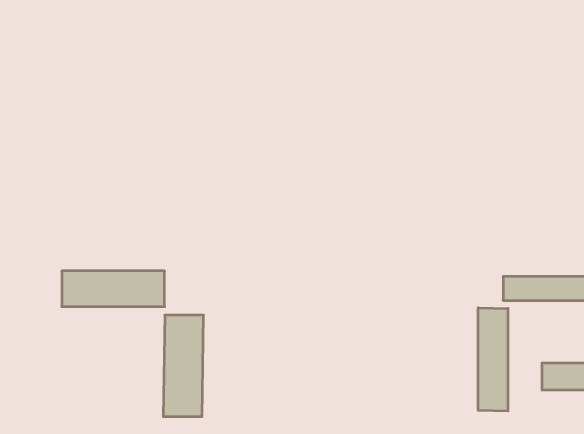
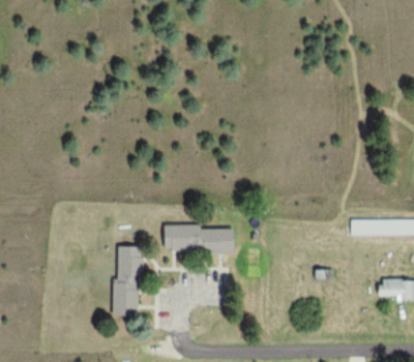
building: [62,271,165,307] -> [164,228,235,252]
building: [478,308,508,411] -> none

